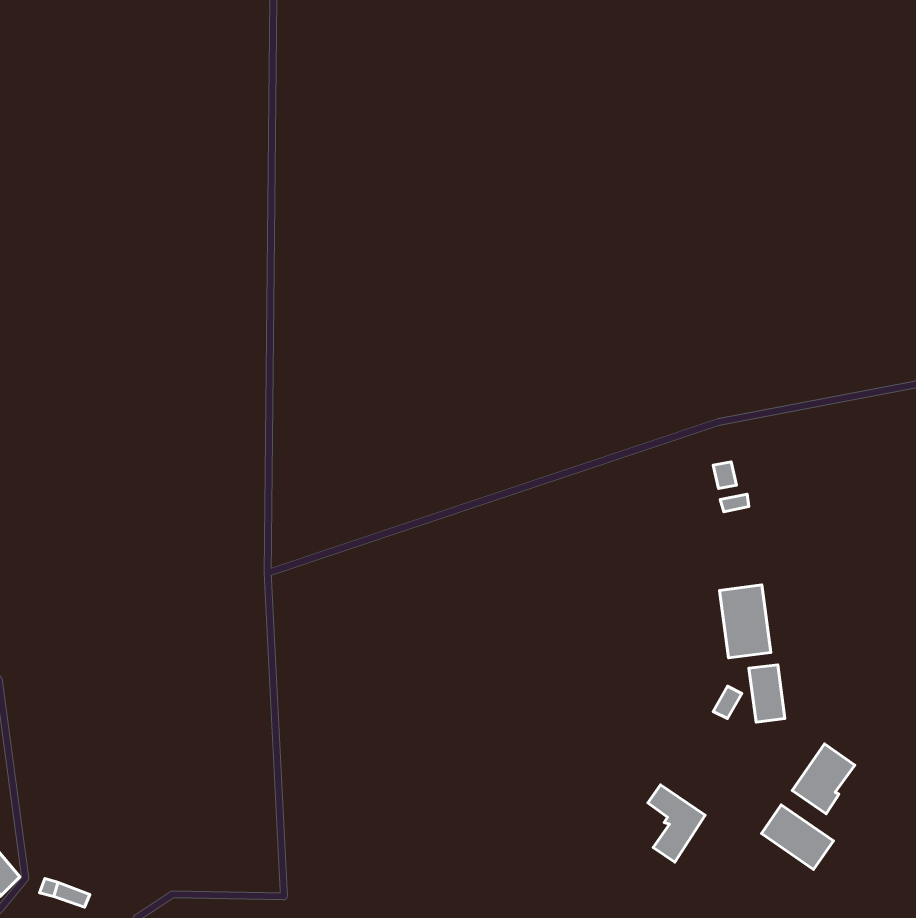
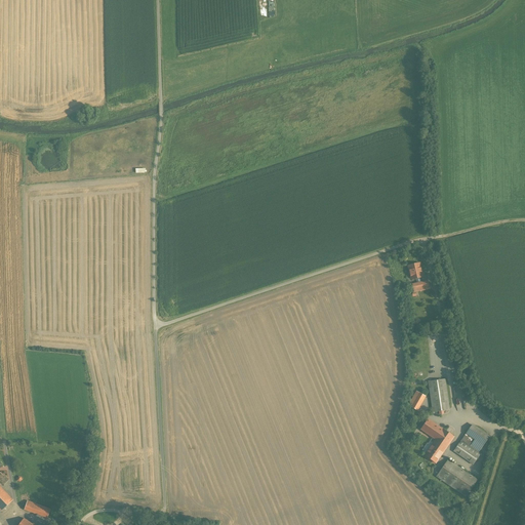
building: [720,585,771,658] -> none
building: [648,785,705,862] -> [419,419,452,463]

